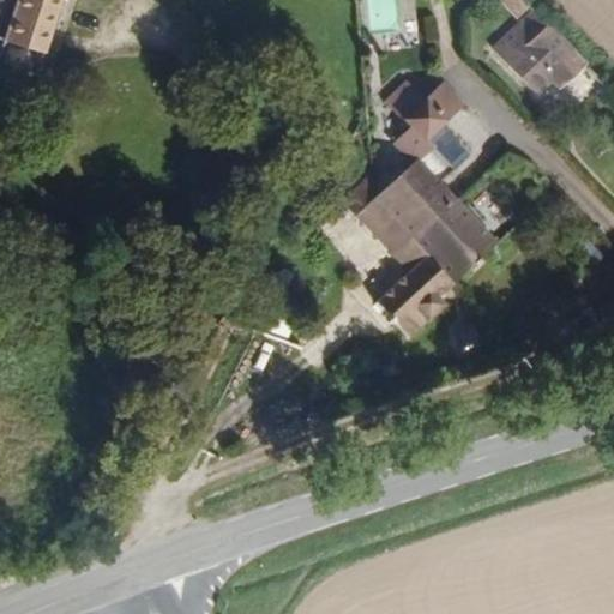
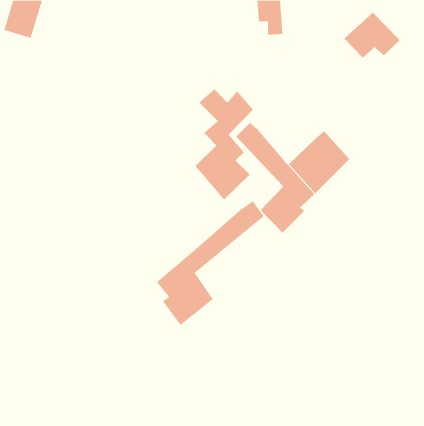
building: [377,77,462,237] -> [194,88,254,201]
building: none -> [156,201,264,326]

